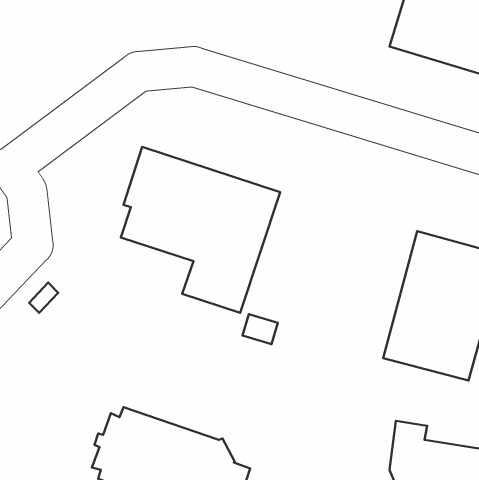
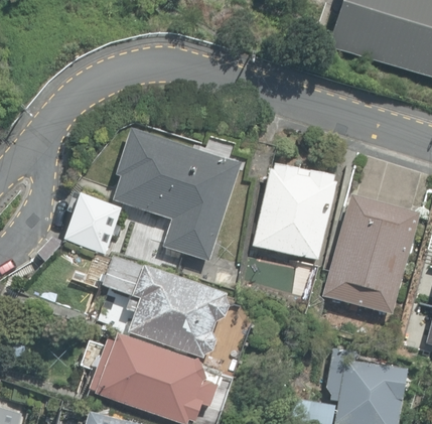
building: none -> [252,141,336,260]
building: none -> [64,193,120,252]
building: none -> [103,257,229,358]

